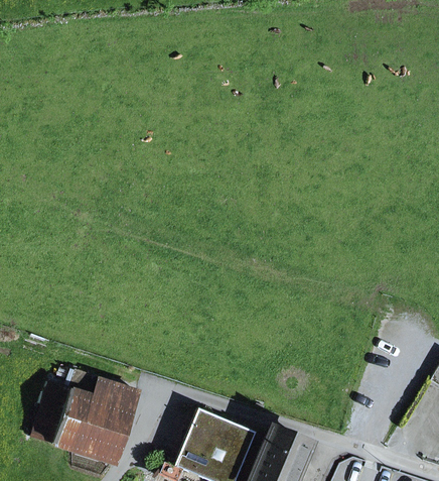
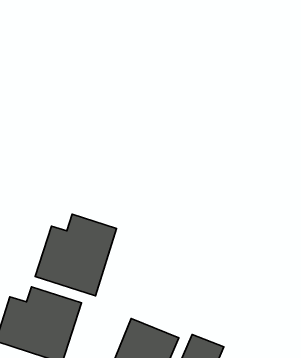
building: none -> [35,214,117,296]

